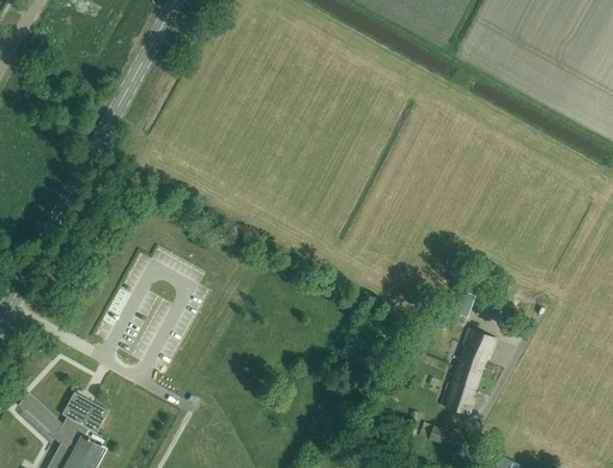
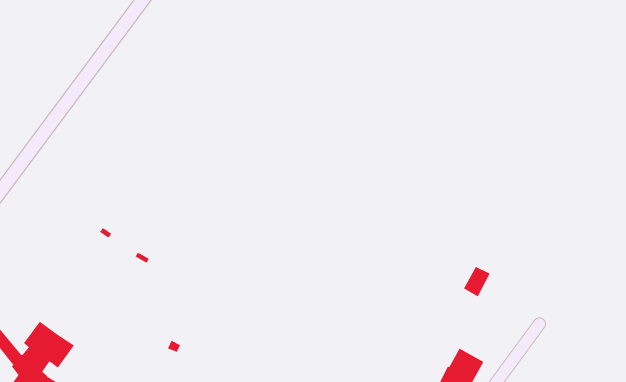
building: [457,328,498,376] -> none

